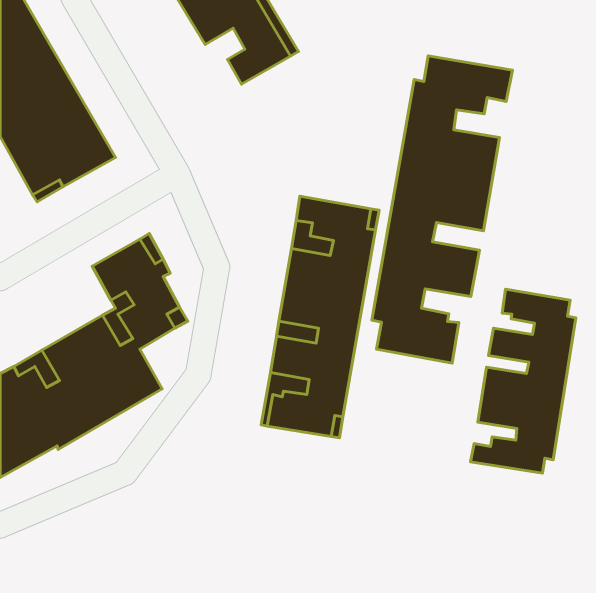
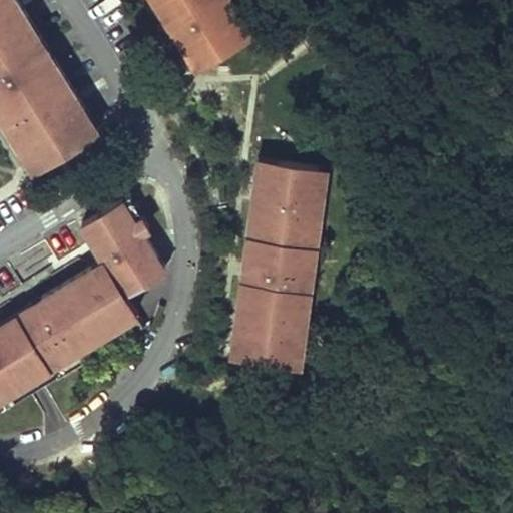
building: none -> [176,24,210,77]
building: [372,56,513,363] -> none
building: [470,289,576,473] -> none

